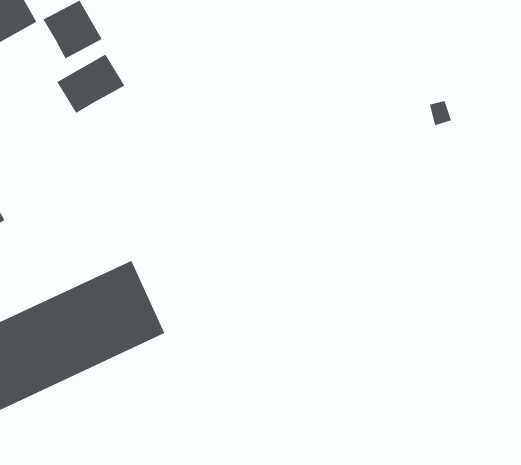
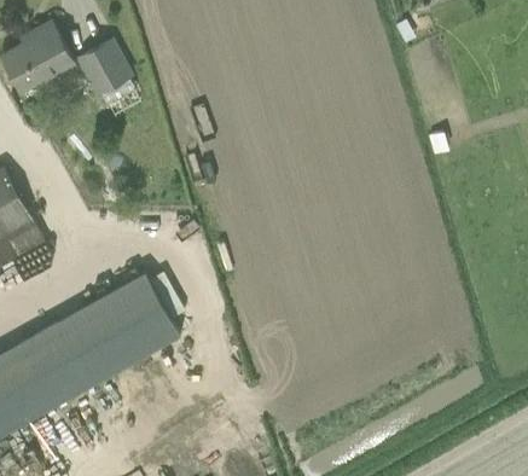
building: [57,54,125,114] -> none

